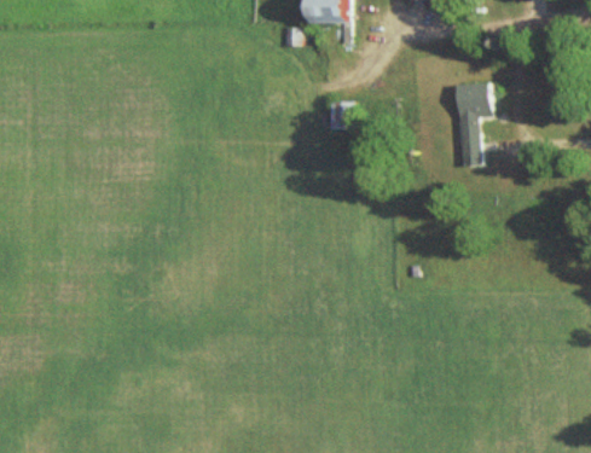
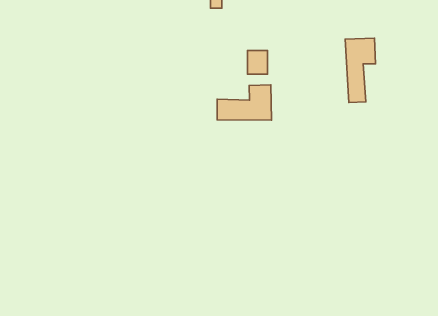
building: none -> [217,85,271,120]

